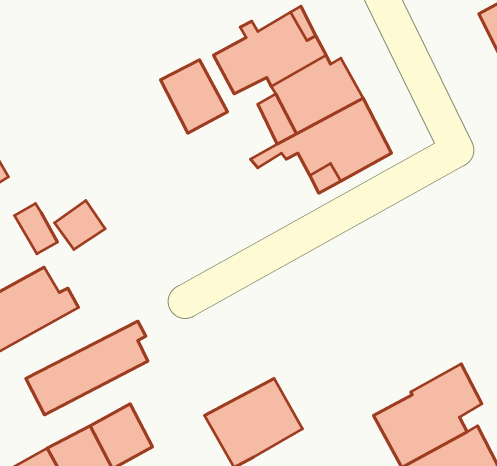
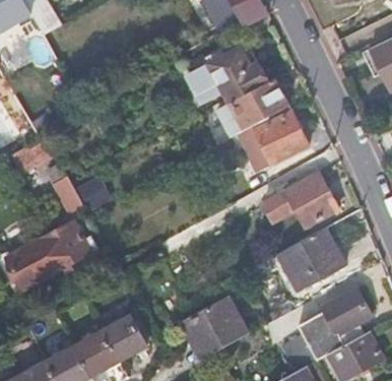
building: [161,60,228,133] -> none
building: none -> [261,175,336,224]
building: none -> [277,227,346,291]
building: [26,321,148,415] -> none

